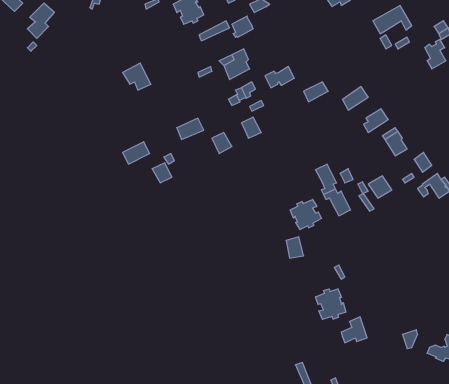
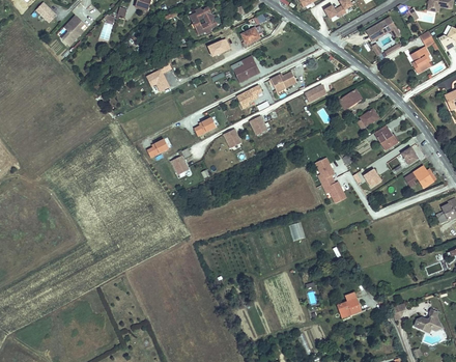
building: [290,199,321,230] -> none
building: [316,289,346,319] -> none

